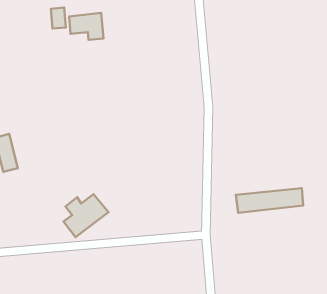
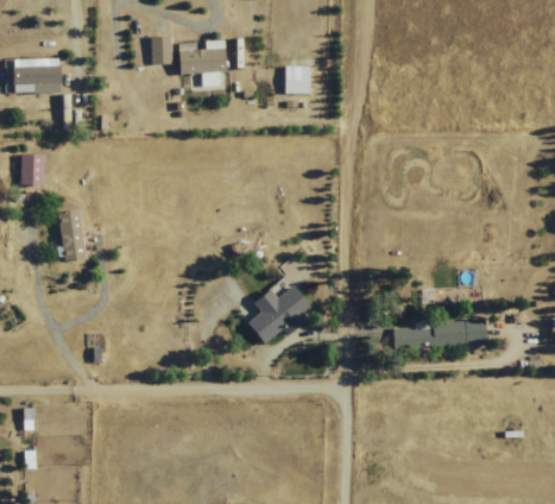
building: none -> [285,64,311,93]
building: [64,194,108,237] -> [247,285,313,345]

